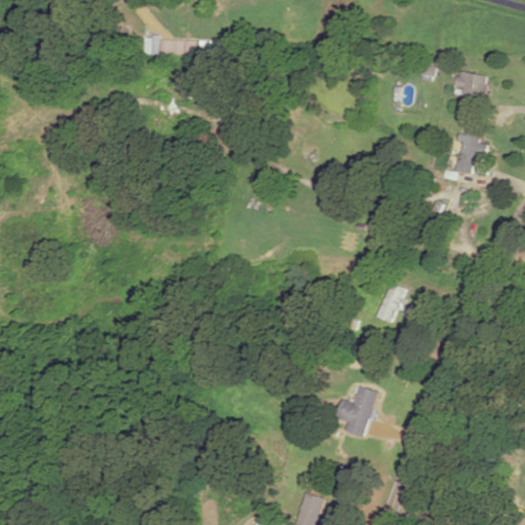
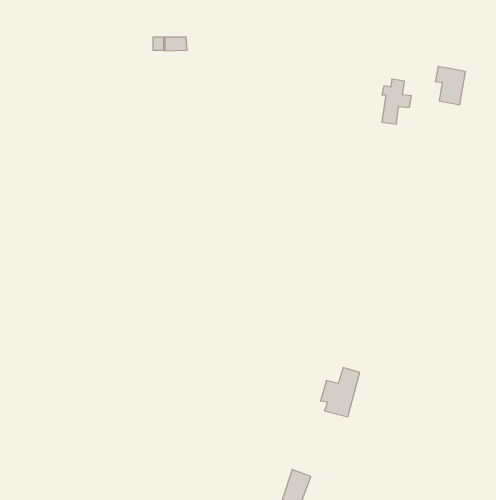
building: [457,126,488,173] -> [382,79,411,124]
building: [378,282,408,322] -> none

